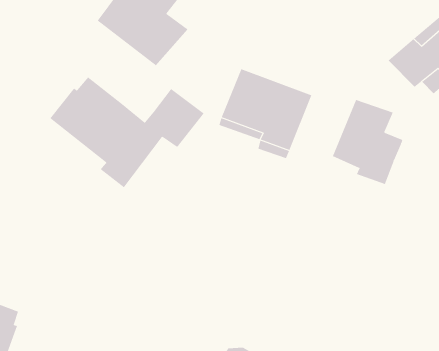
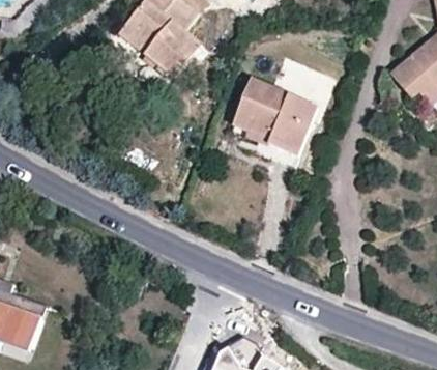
building: [49,76,204,188] -> none
building: [332,99,403,185] -> none

